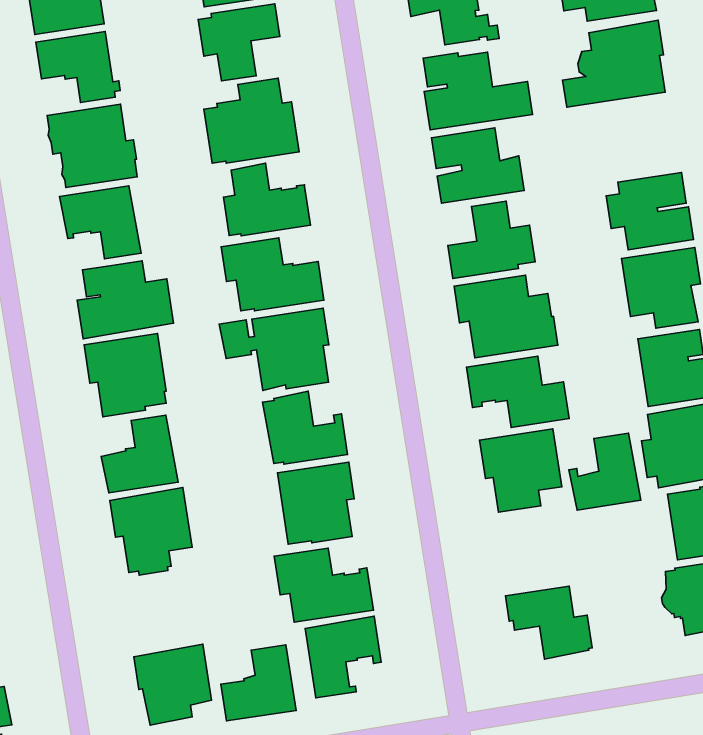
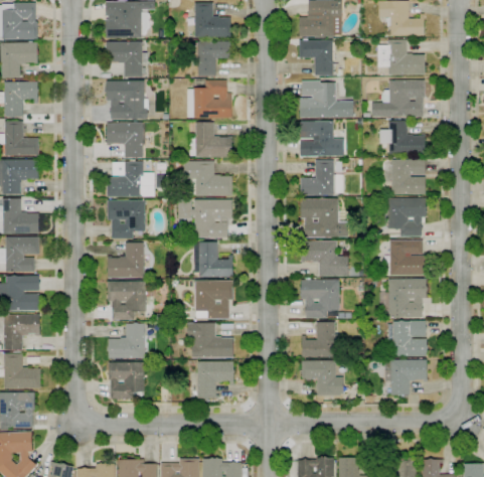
building: none -> [379,121,425,156]
building: [569,433,641,510] -> [301,322,335,357]
building: [221,645,296,721] -> [108,324,144,358]

